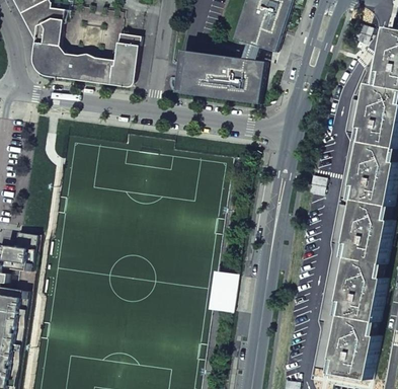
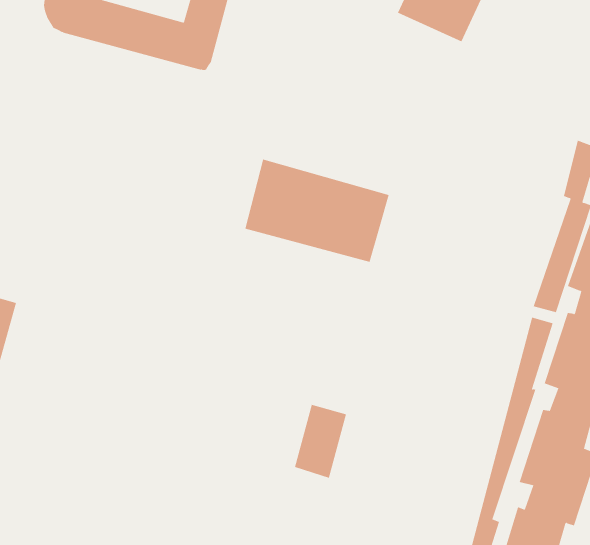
building: [183,51,264,102] -> [245,159,390,263]

